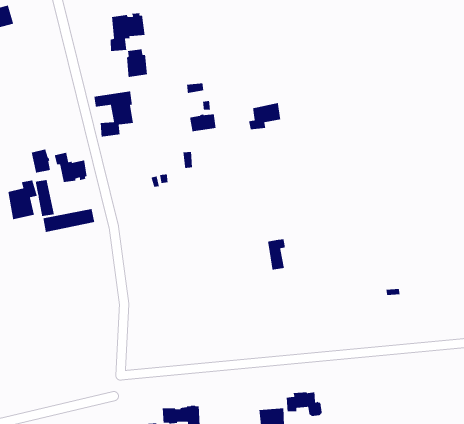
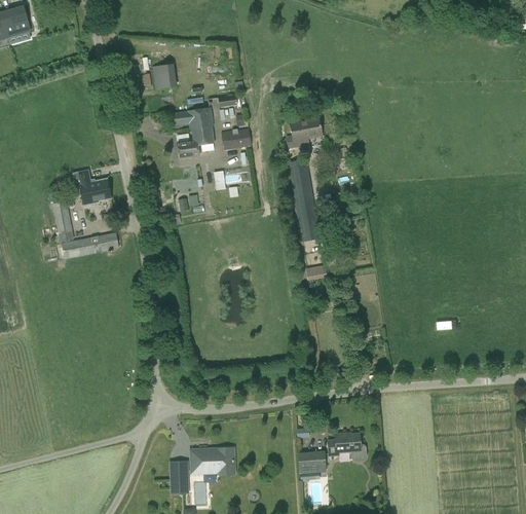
building: [110,12,146,52] -> none
building: [93,91,134,138] -> [170,106,214,157]
building: none -> [287,158,321,242]
building: [31,148,51,173] -> none
building: [7,180,38,220] -> none

